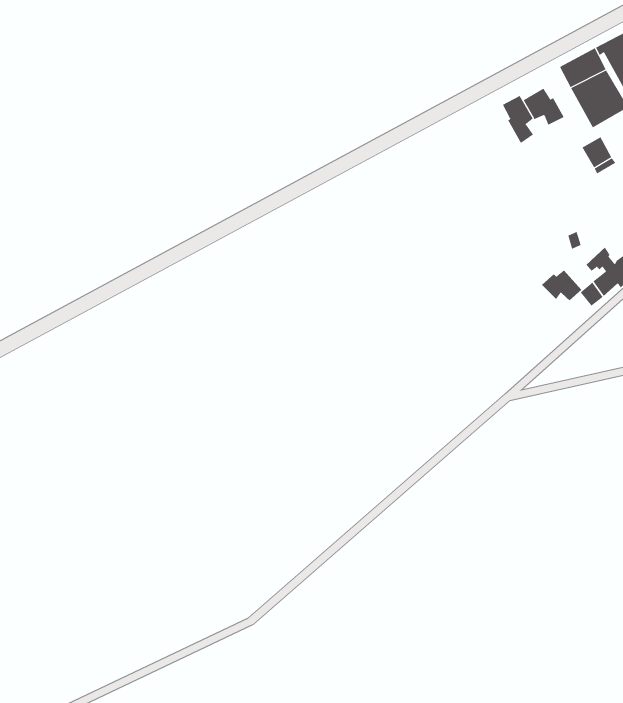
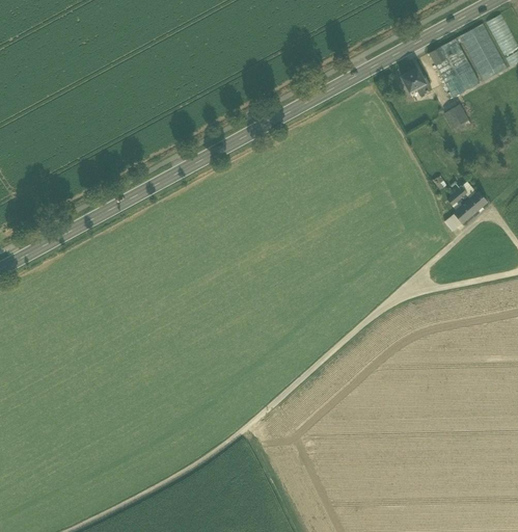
building: [502,95,534,144] -> none
building: [541,270,582,301] -> none

